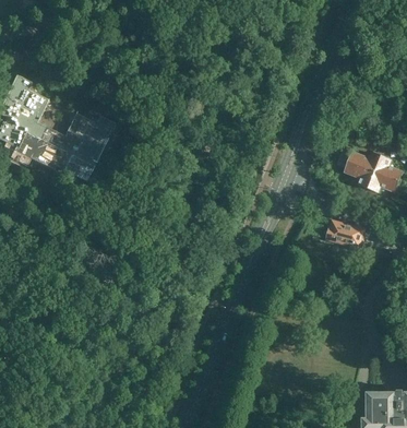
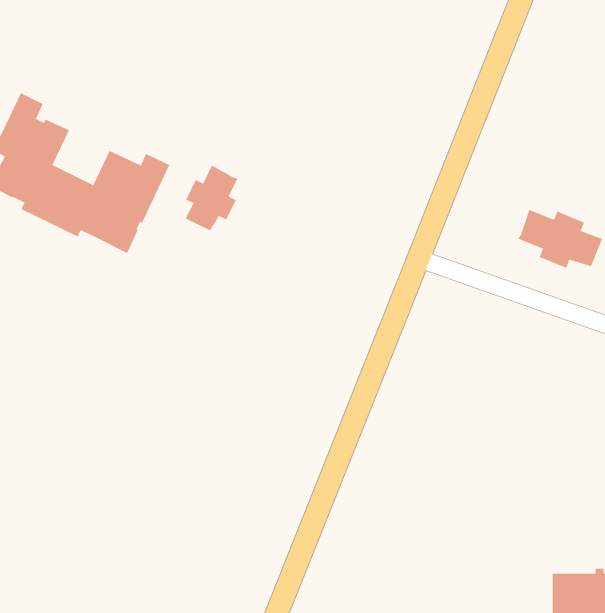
building: none -> [185,165,238,231]
building: [326,218,363,246] -> none

